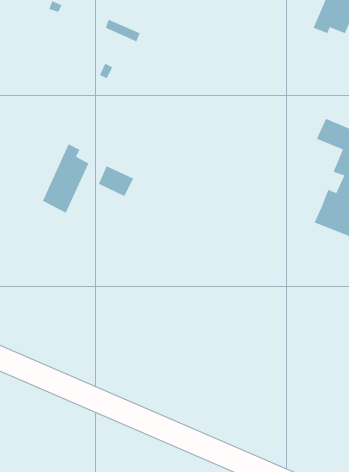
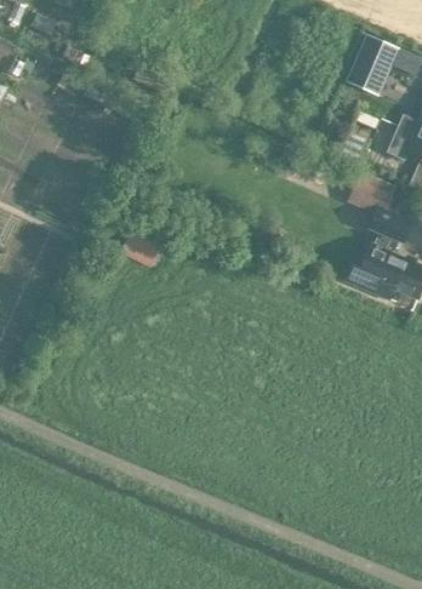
building: [42,143,89,214] -> none

